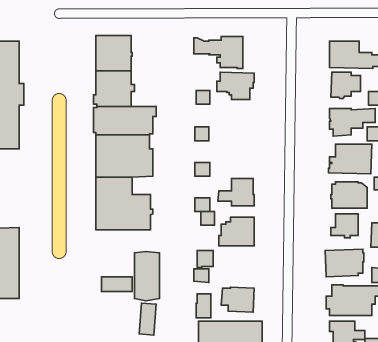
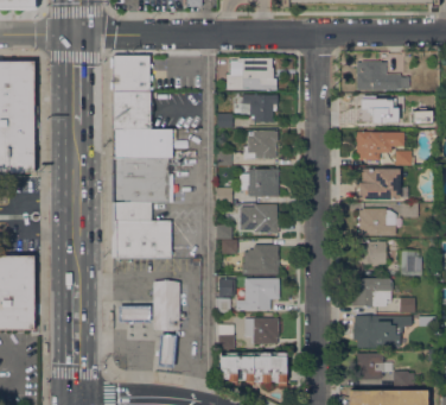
building: none -> [243,132,278,159]
building: none -> [240,169,278,198]
building: none -> [236,278,279,310]

